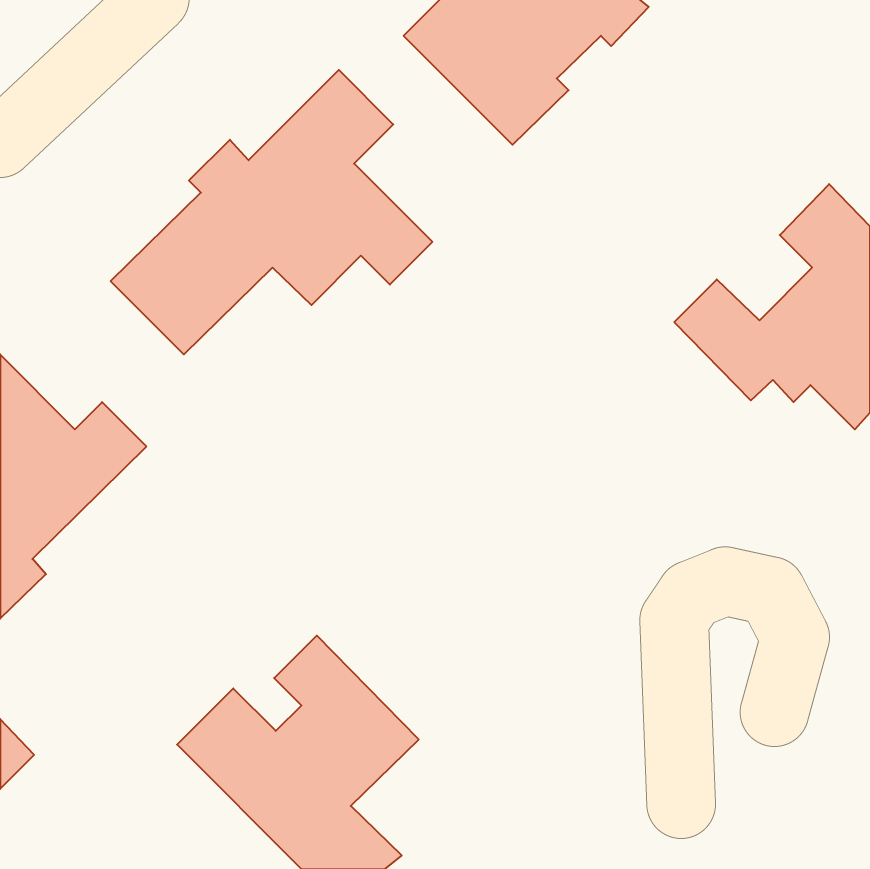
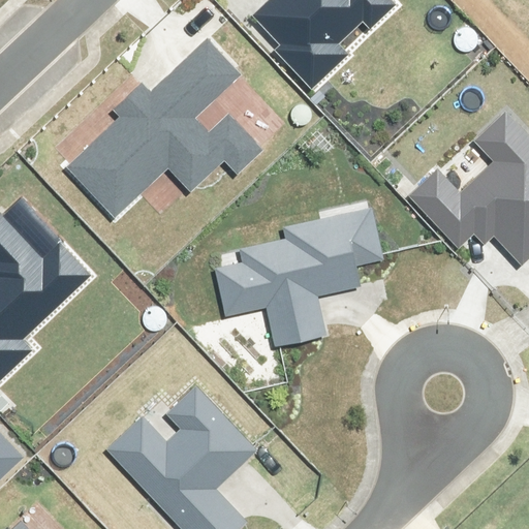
building: none -> [219,209,380,343]

